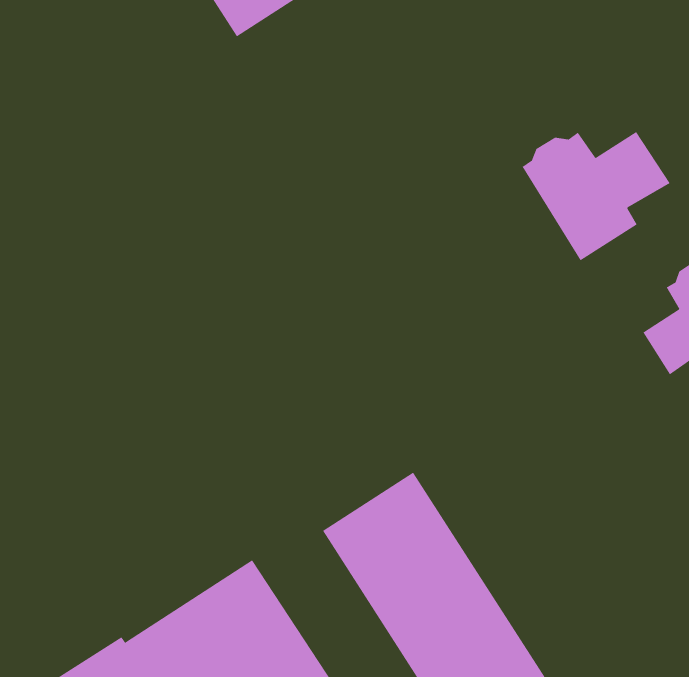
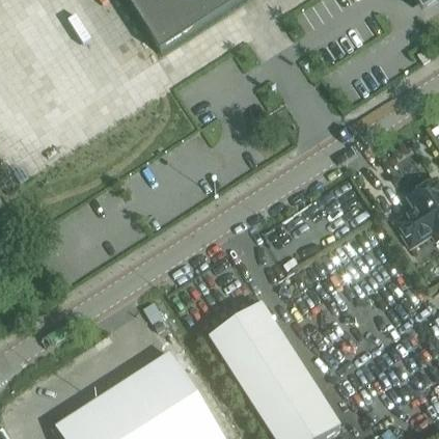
building: [522,131,671,261] -> none

